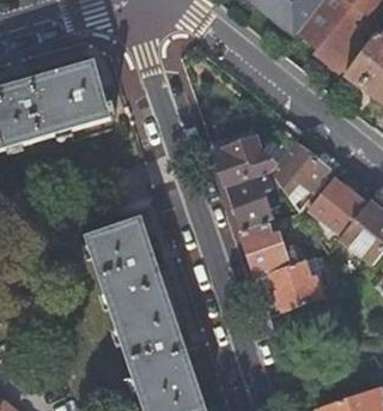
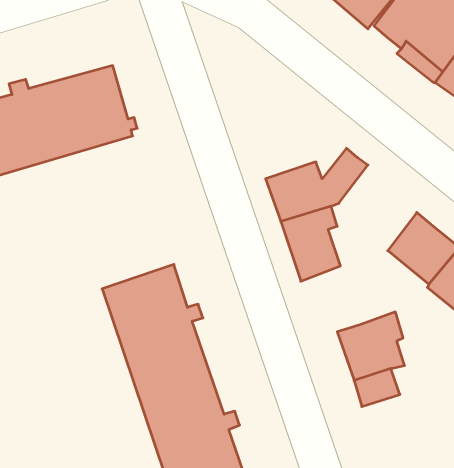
building: [269,139,333,192] -> none
building: [239,218,287,274] -> none

